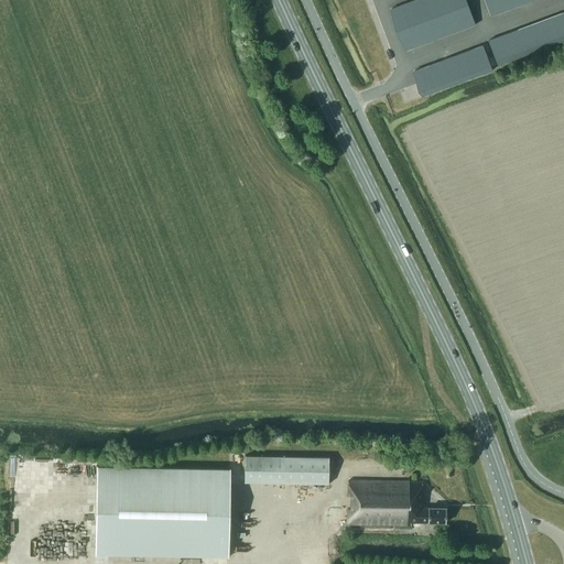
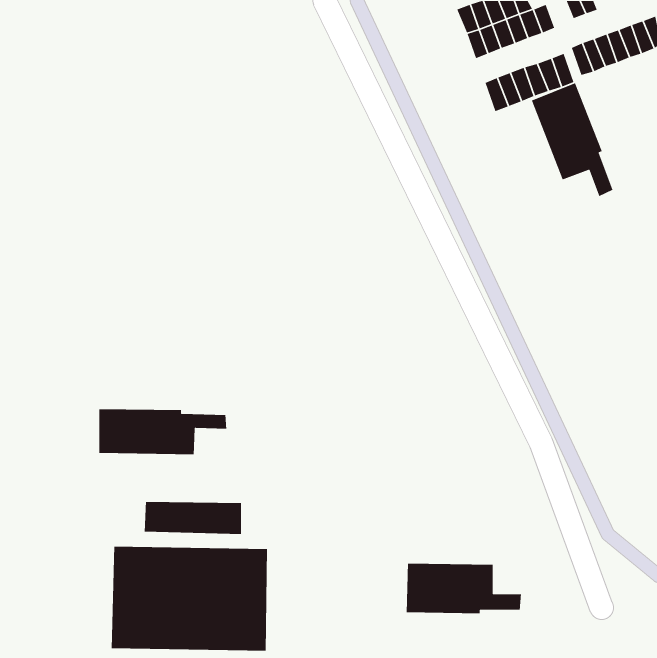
building: none -> [531,82,614,197]
building: none -> [98,408,227,455]
building: [246,456,329,485] -> [144,501,242,535]

